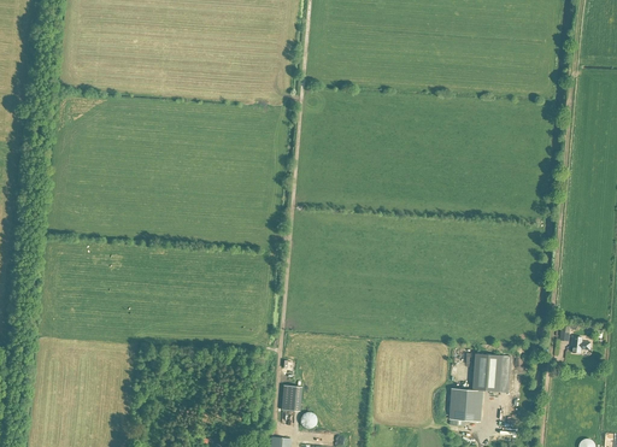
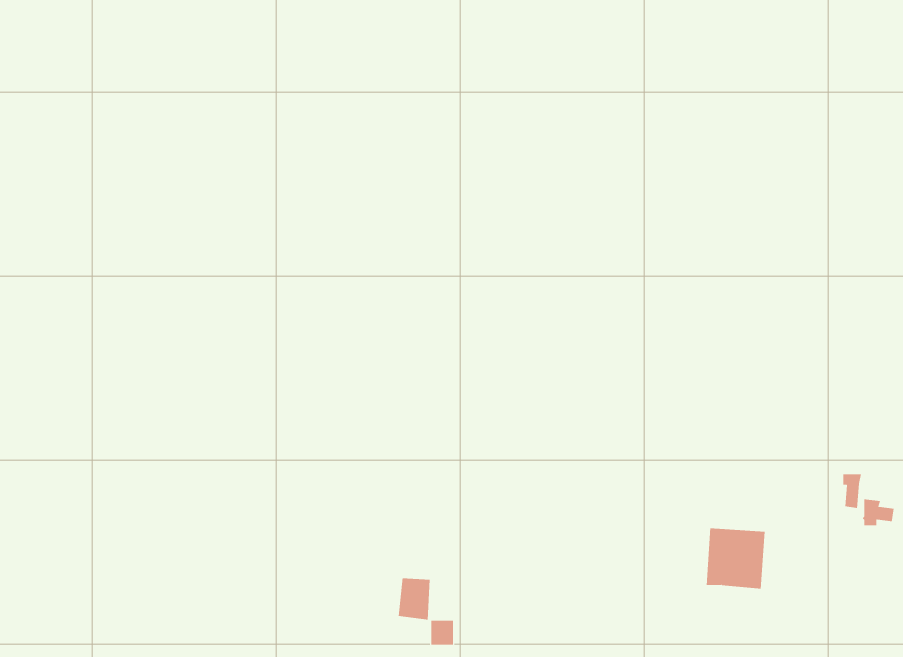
building: [449,388,483,427] -> none

